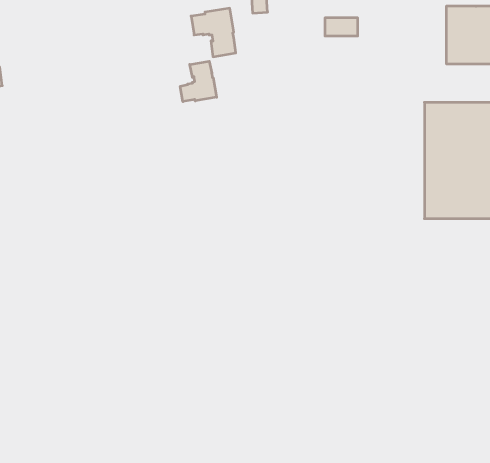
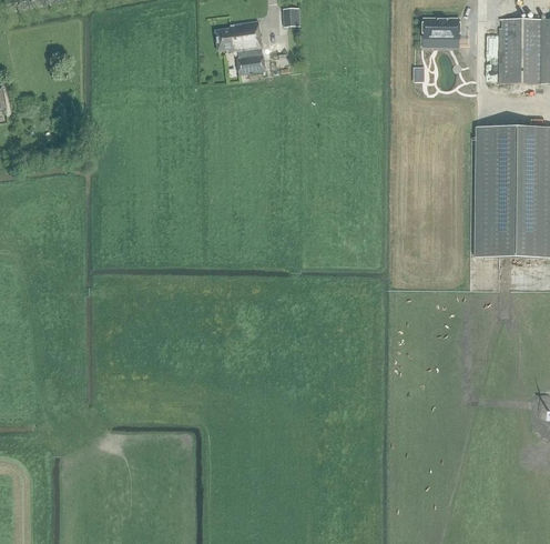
building: [325,18,358,36] -> [422,18,459,38]
building: [180,61,217,102] -> none

